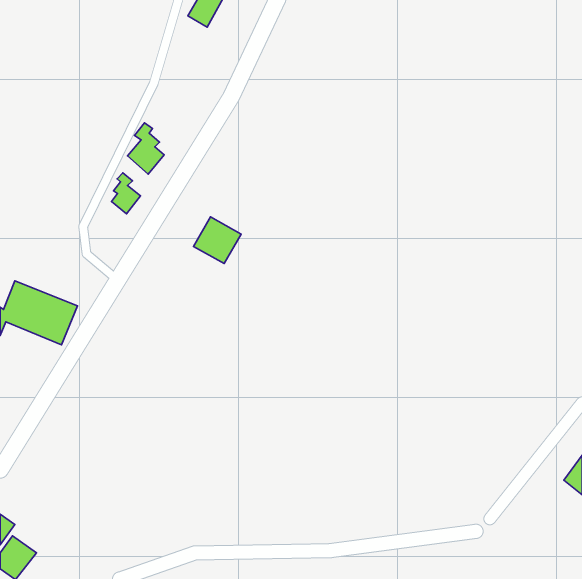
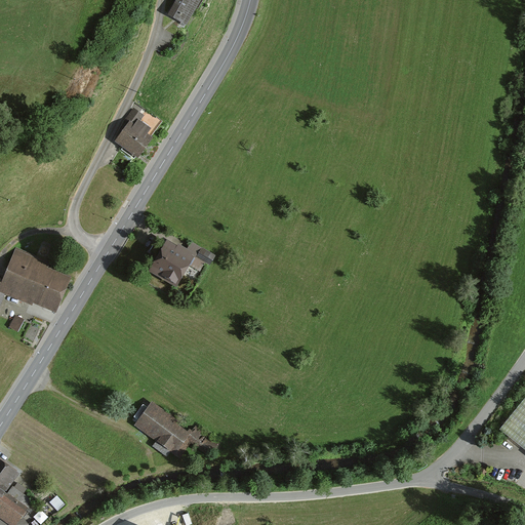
building: [111,173,140,214] -> none
building: [193,217,241,264] -> [153,240,196,282]
building: none -> [133,403,216,455]

